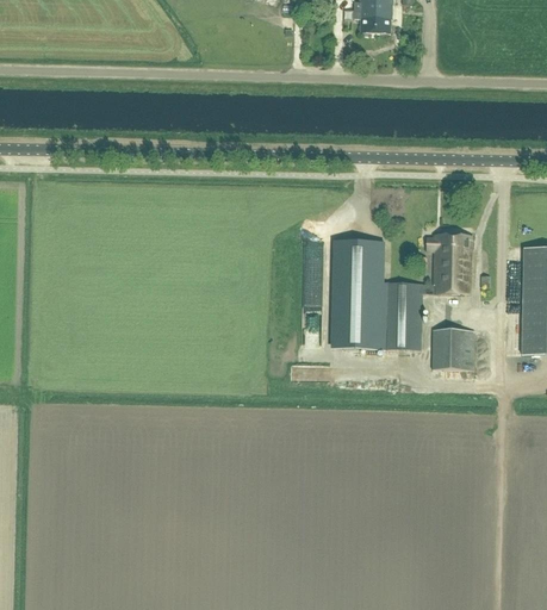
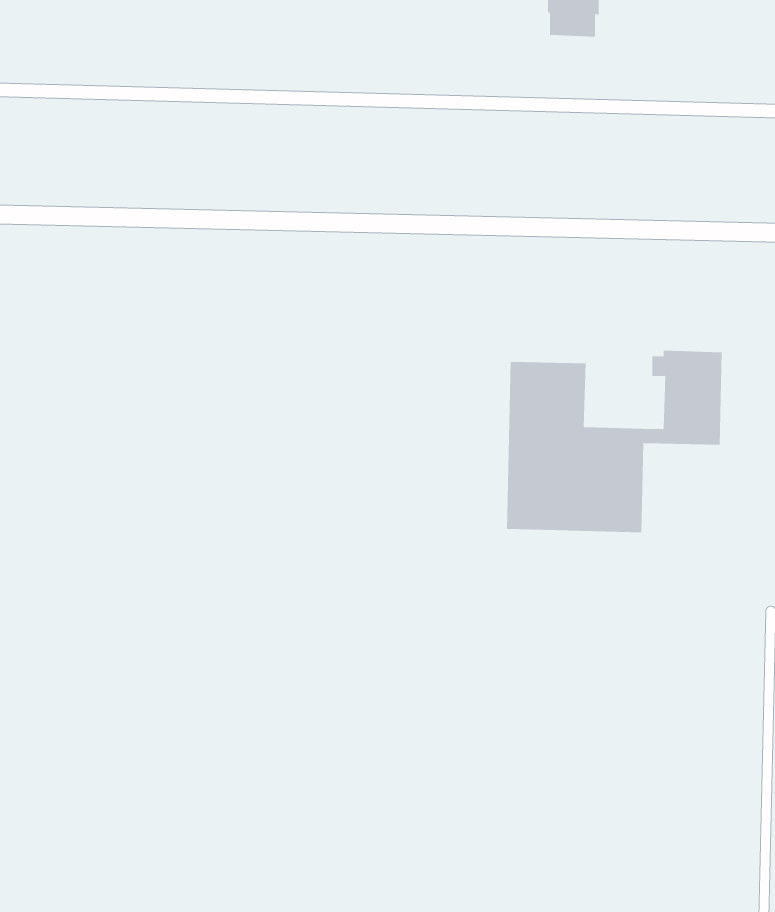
building: [430,329,473,368] -> none

